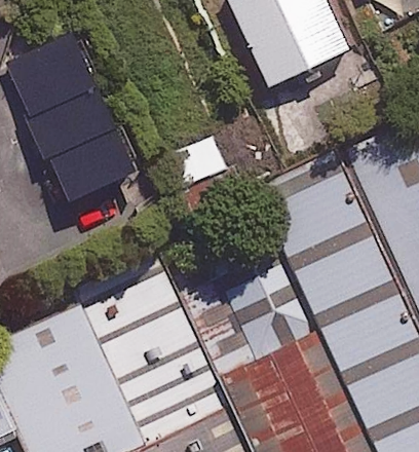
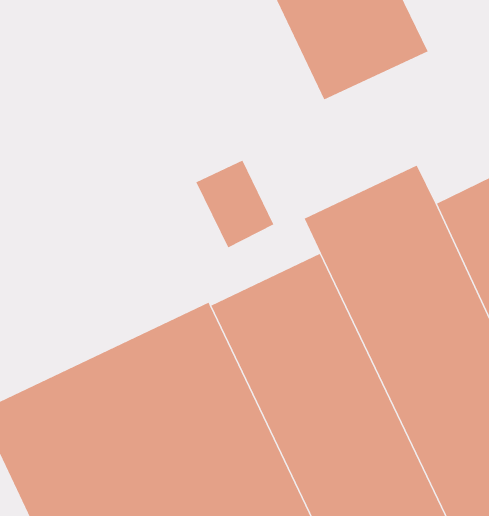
building: [21,57,135,203] -> none

